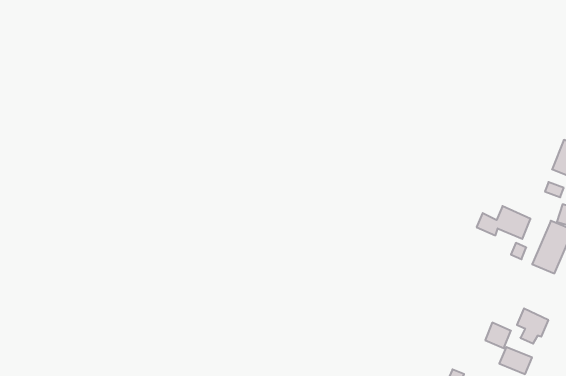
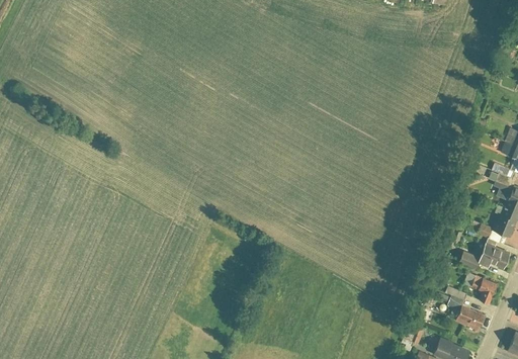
building: [477,206,531,239] -> [462,244,509,272]

